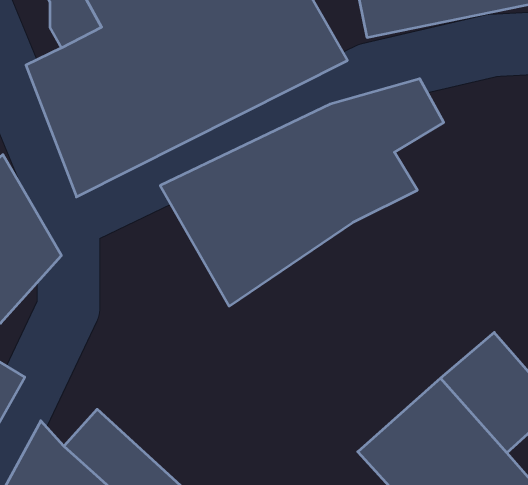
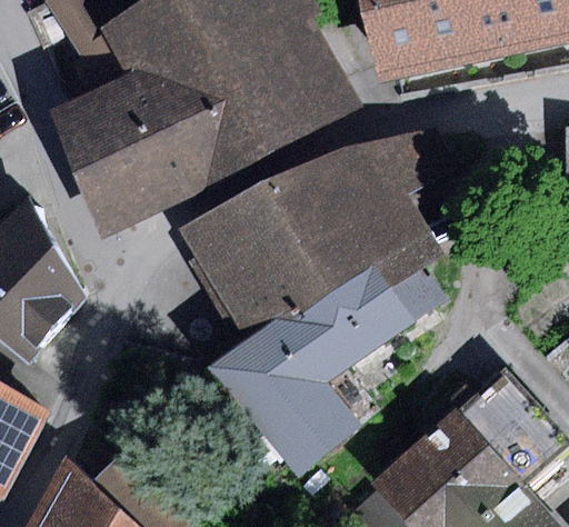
building: none -> [209,264,411,477]

